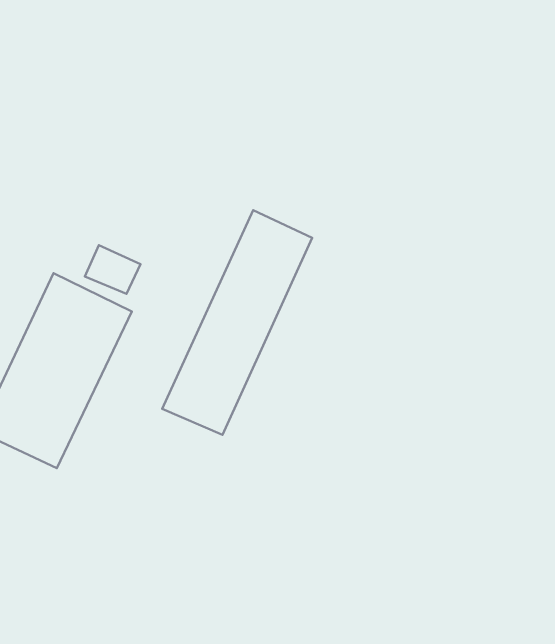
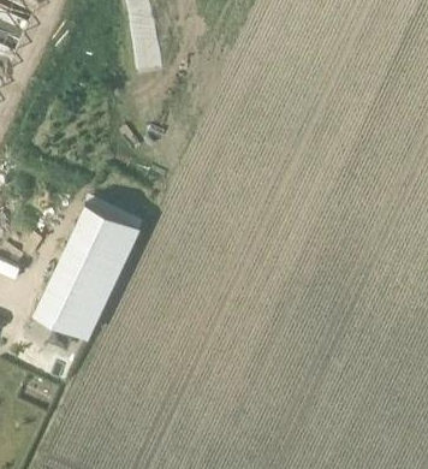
building: [162,210,312,435] -> none

